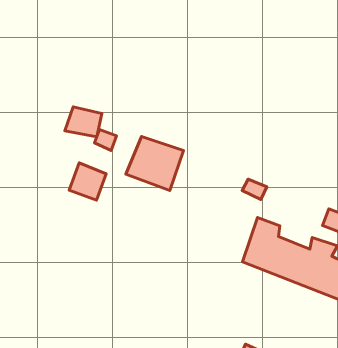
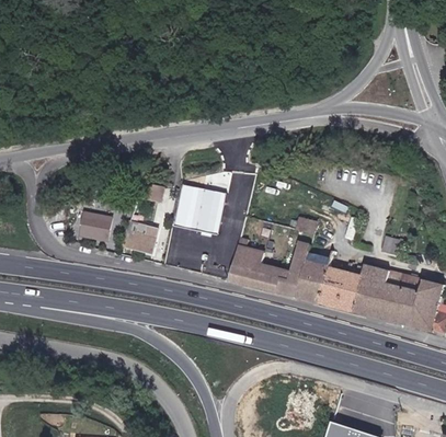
building: [65,107,102,137] -> [79,212,114,240]
building: none -> [231,241,312,298]

